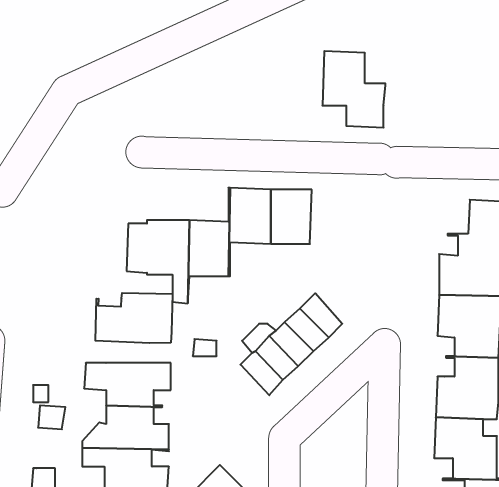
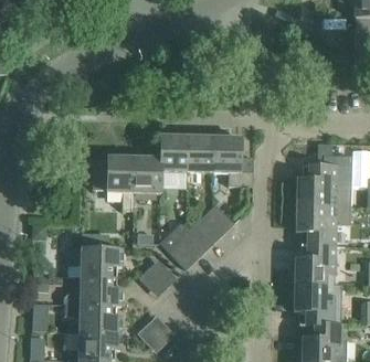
building: [322,51,385,128] -> [212,136,253,185]
building: [95,293,172,343] -> none
building: none -> [138,258,176,296]

